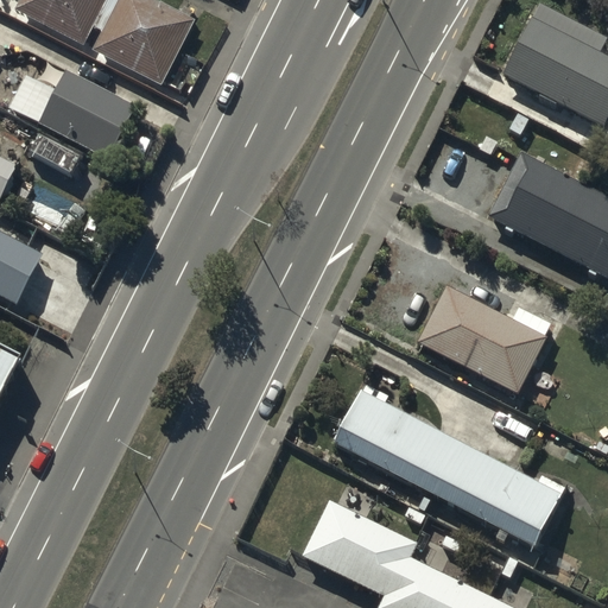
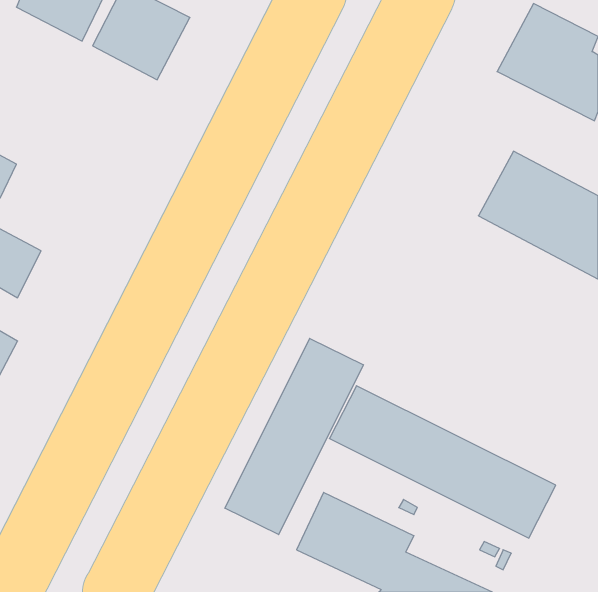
building: [38,70,138,160] -> none
building: [417,286,553,394] -> none
building: none -> [225,338,363,535]

